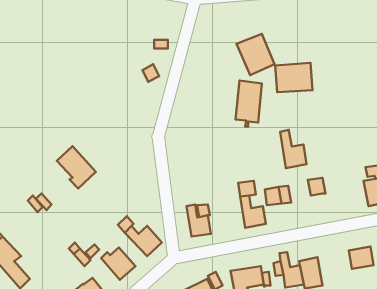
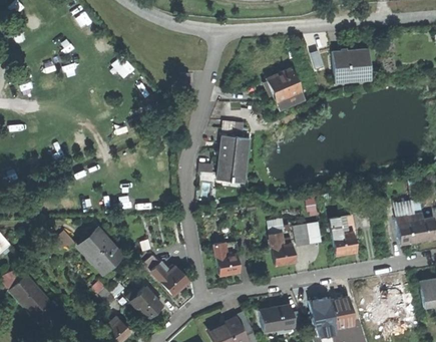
building: [275,63,312,92] -> [333,48,371,78]
building: [236,80,262,126] -> [220,134,247,182]
building: [280,130,307,168] -> [330,216,357,255]
building: [57,146,96,188] -> [81,229,121,272]

